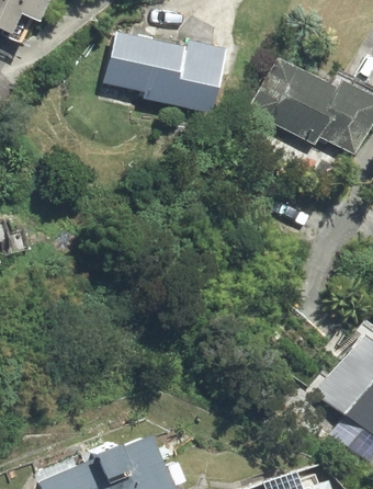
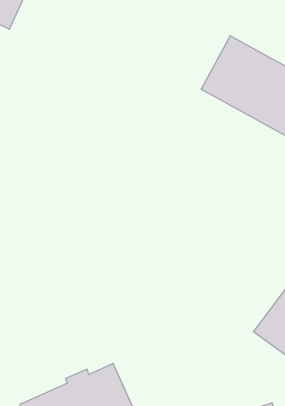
building: [101,30,226,116] -> none

